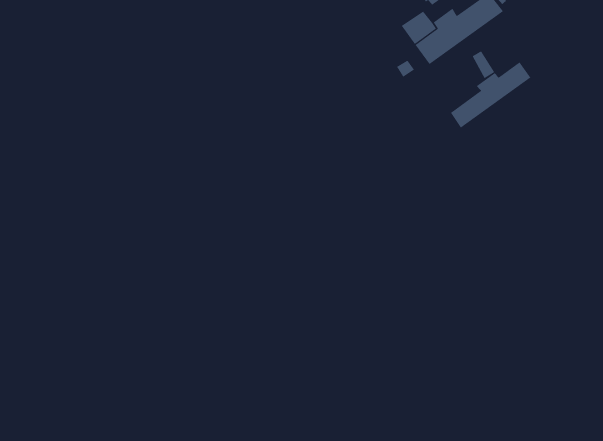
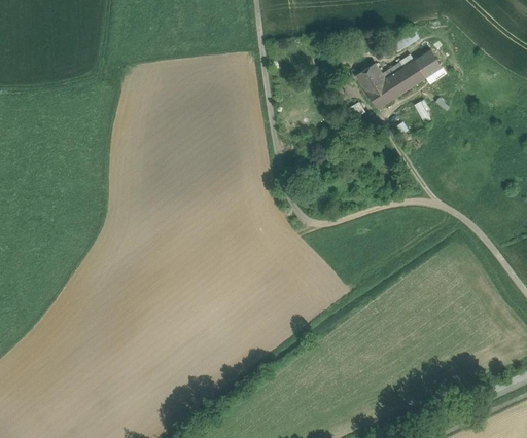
building: [450,61,531,129] -> none

